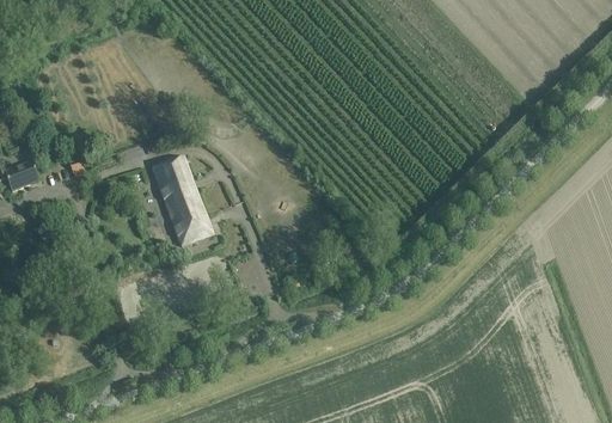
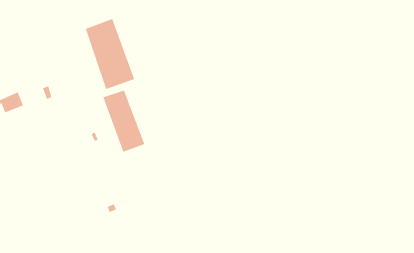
building: none -> [85,18,135,90]

